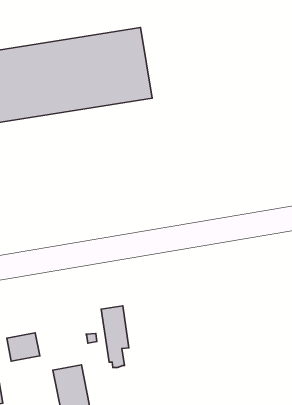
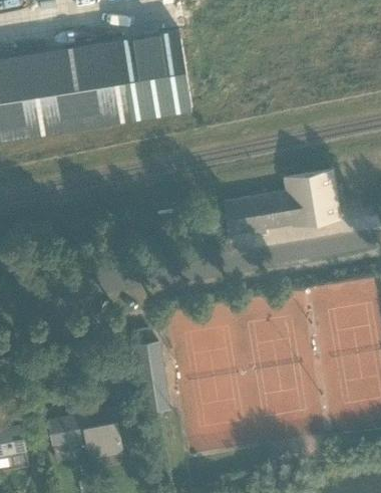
building: none -> [223,172,340,237]
building: [7,333,40,361] -> [48,417,85,449]

